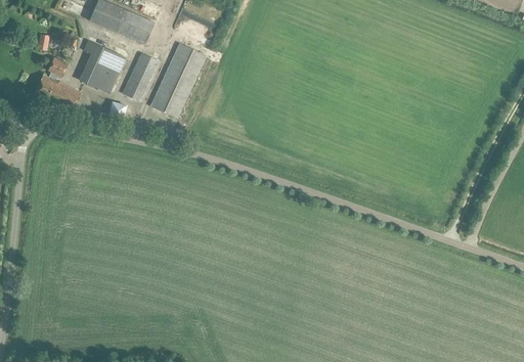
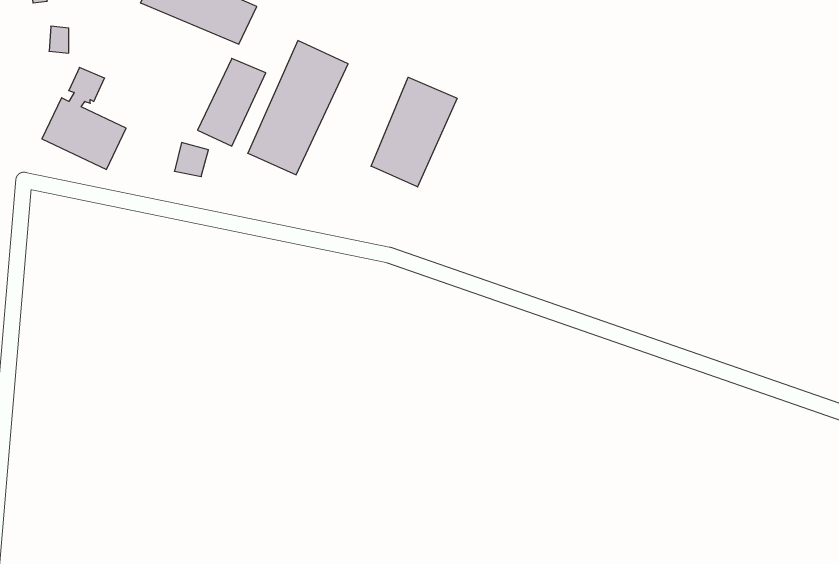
building: [79,40,126,94] -> none
building: none -> [371,77,457,187]

